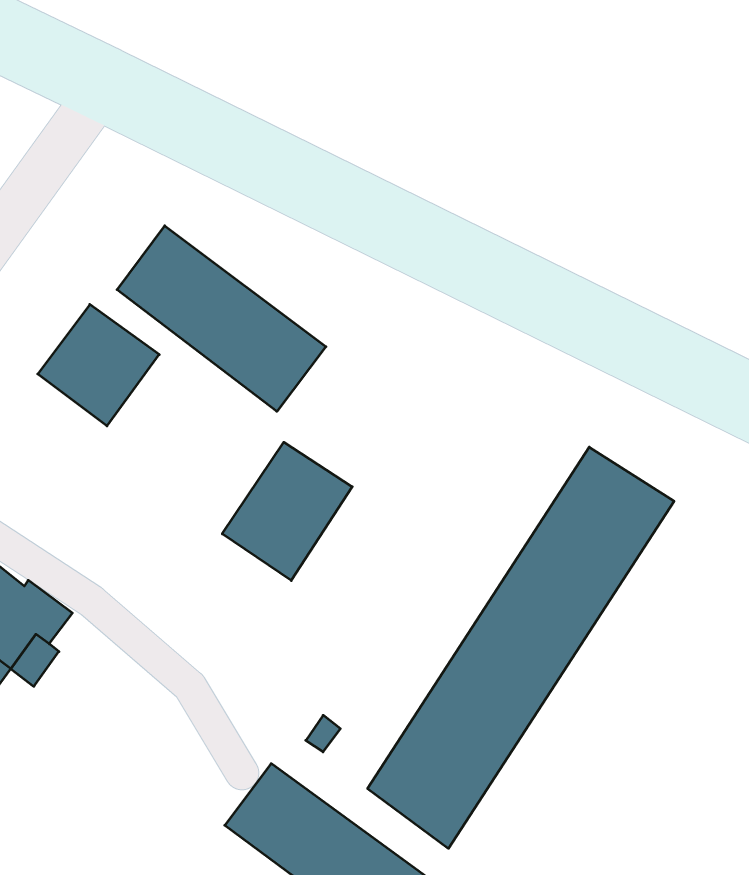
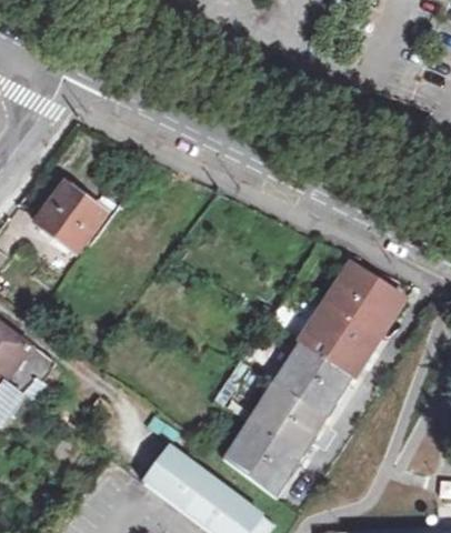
building: [117,226,326,411] -> none
building: [222,442,352,581] -> none

